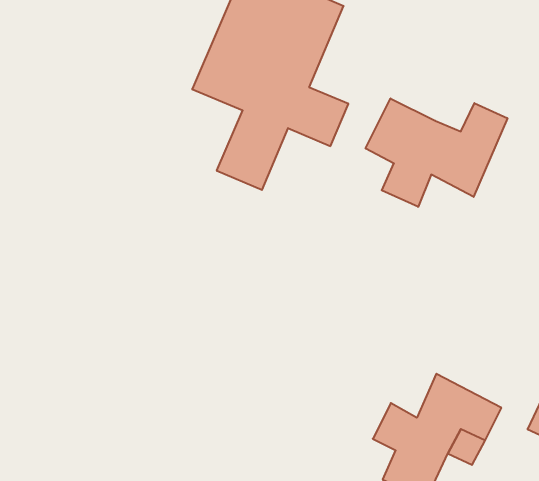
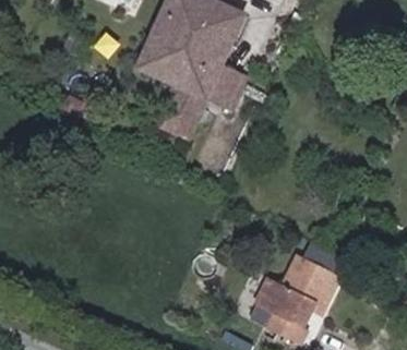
building: [366,98,507,207] -> none

